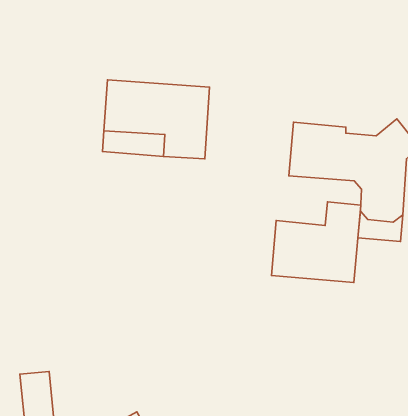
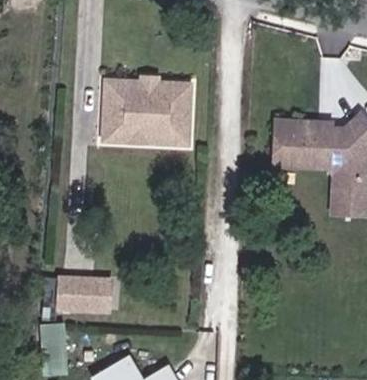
building: [271,202,361,282] -> none
building: none -> [55,275,110,314]

